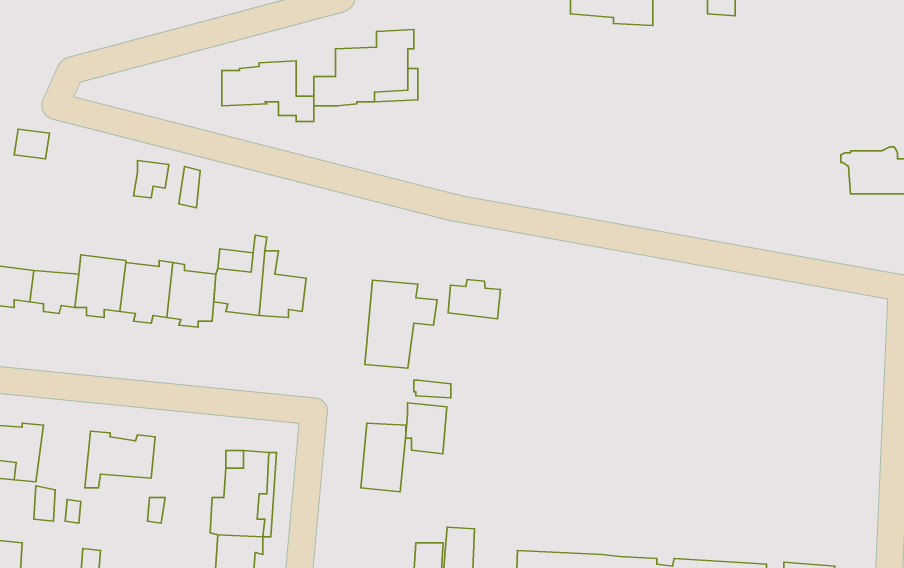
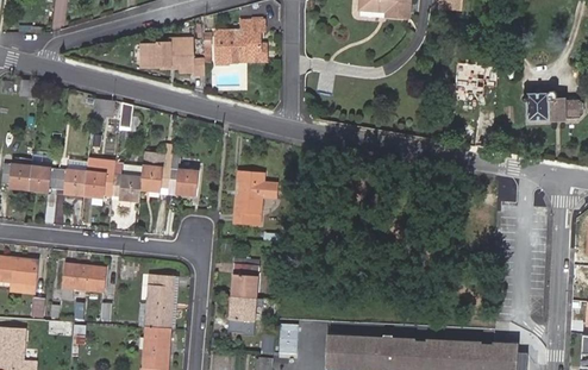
building: [448,280,500,319] -> none
building: [406,403,447,454] -> [230,297,255,328]

